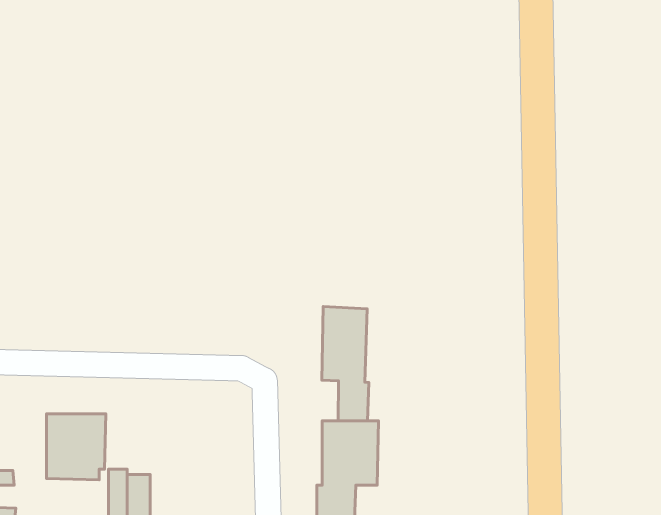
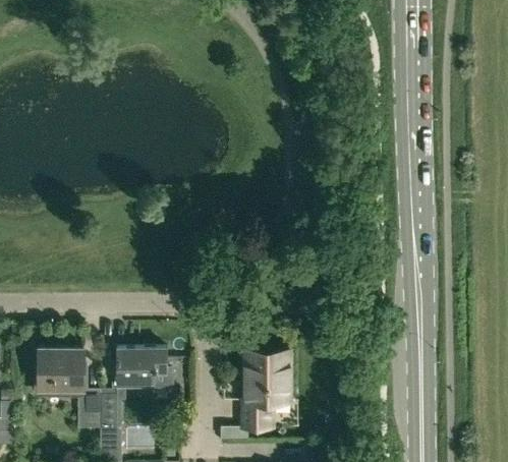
building: [322,307,369,421] -> none
building: none -> [116,348,171,388]

